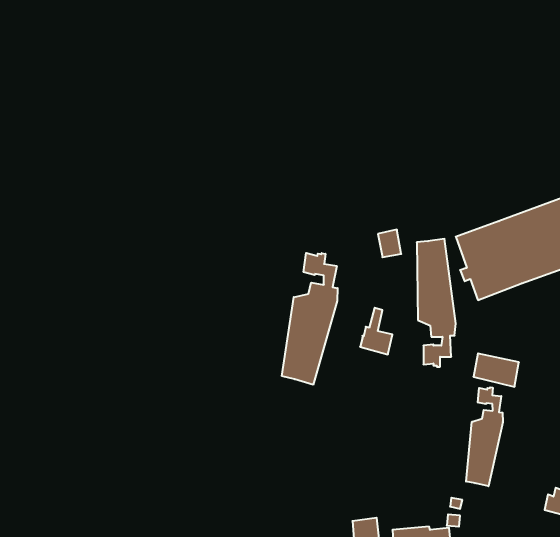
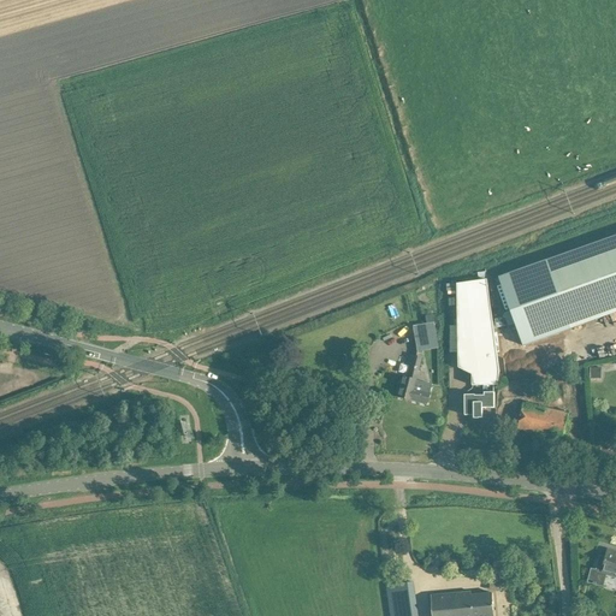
building: [378,230,401,257] -> [411,321,437,351]
building: [282,253,338,385] -> none
building: [466,387,503,486] -> none

